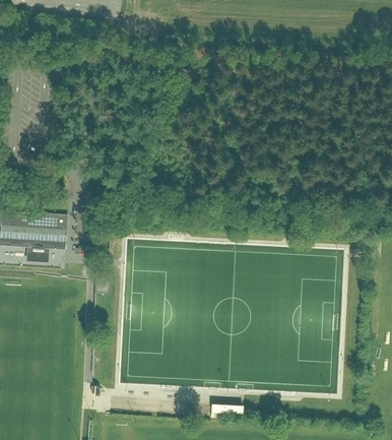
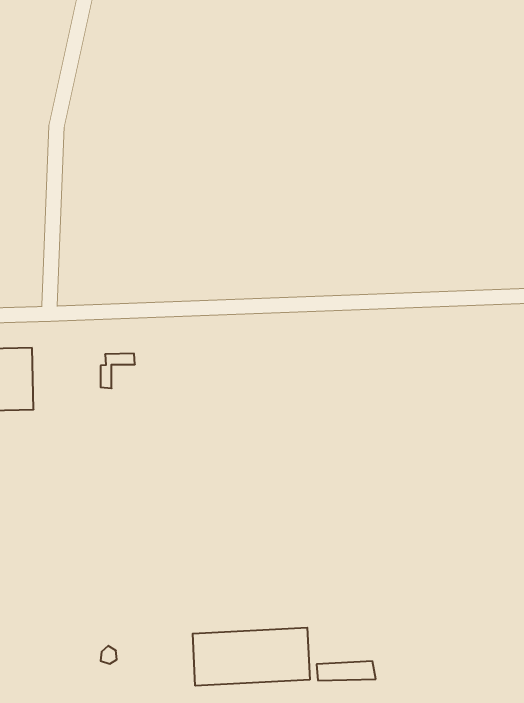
building: none -> [193,628,310,686]

